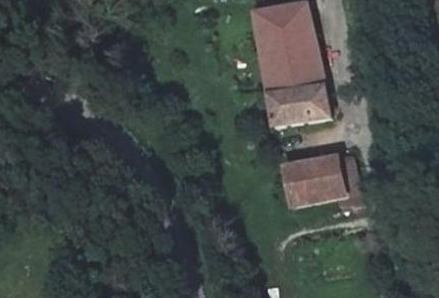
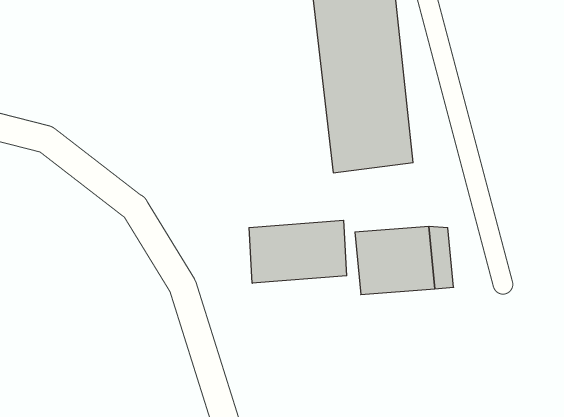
building: none -> [249,220,347,283]

